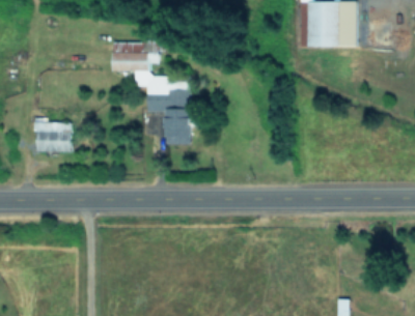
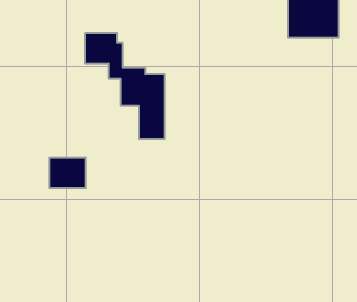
building: [36,123,72,152] -> [49,158,86,188]

